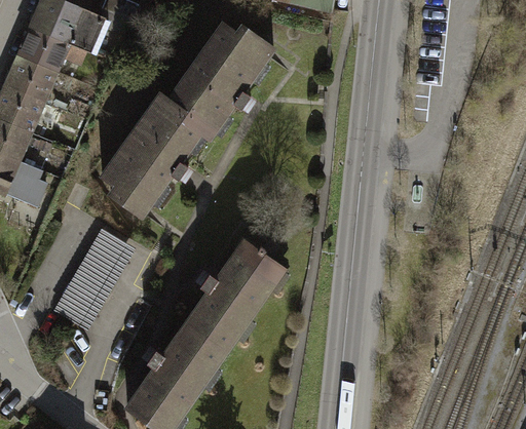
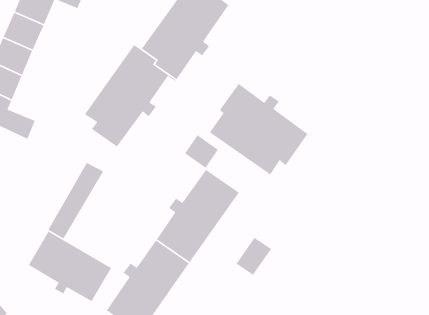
building: none -> [209,83,308,176]
building: none -> [184,134,219,169]
building: none -> [28,231,112,302]
building: none -> [235,237,272,276]

